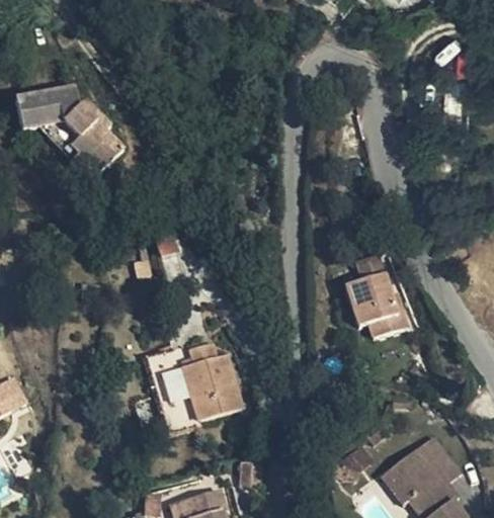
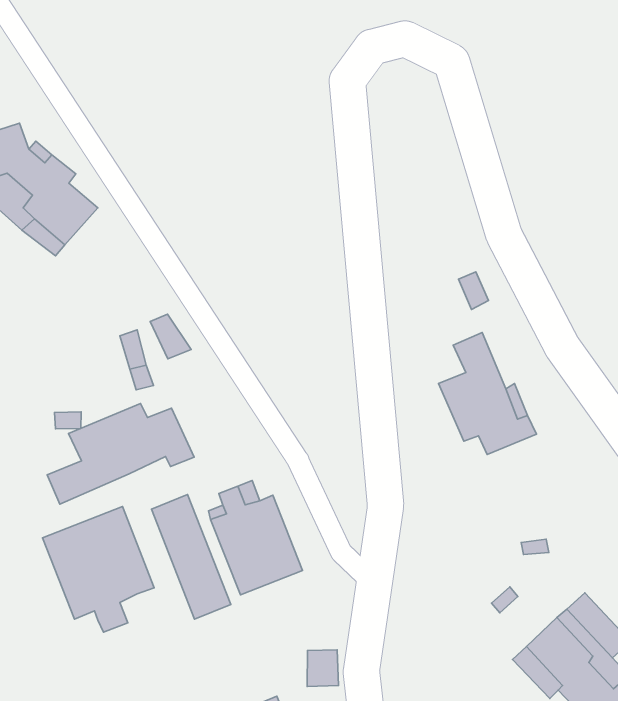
building: none -> [47,403,194,504]
building: none -> [43,506,154,632]

